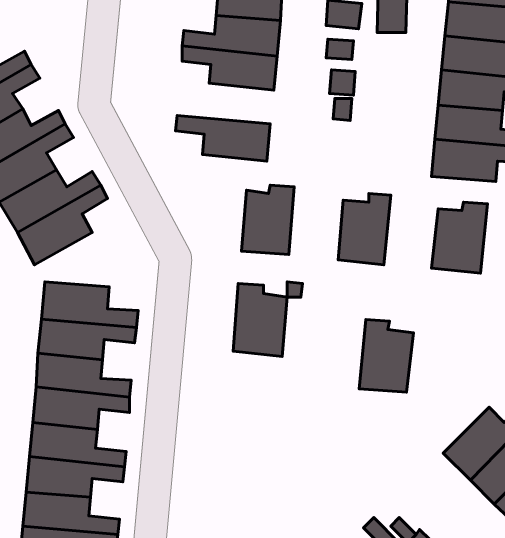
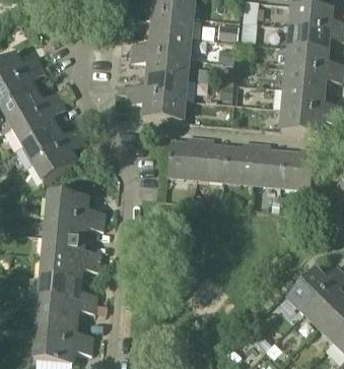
building: none -> [119,74,186,99]
building: [233,283,287,356] -> [195,136,227,180]
building: [359,319,413,392] -> [252,141,284,185]

